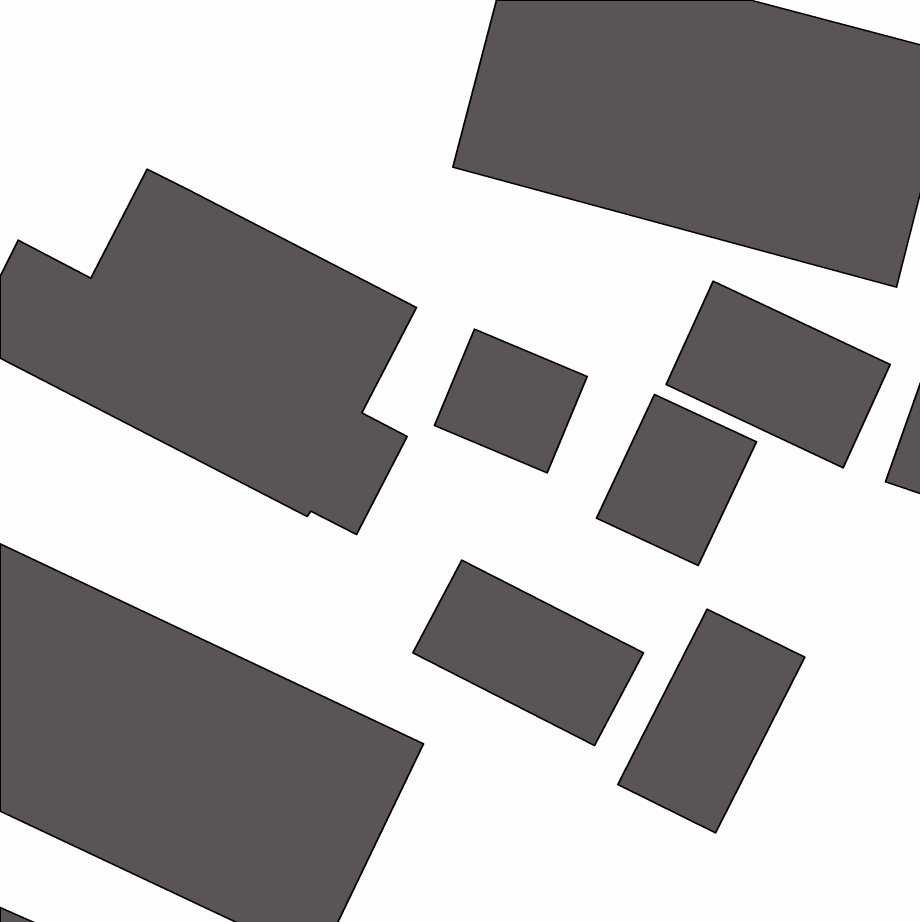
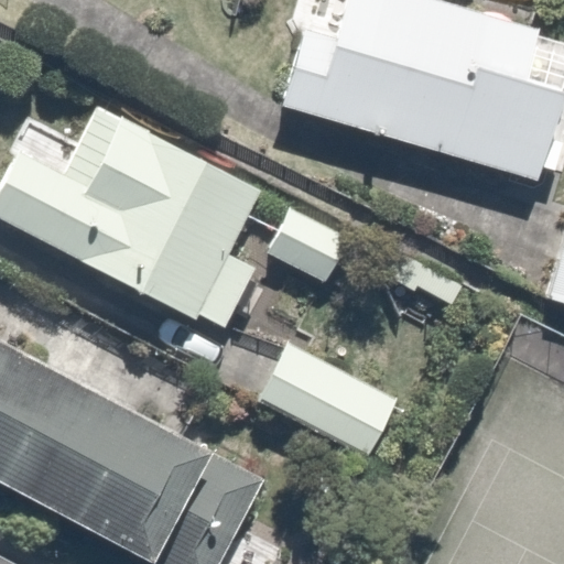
building: [666,281,890,468] -> none
building: [618,609,805,833] -> none

